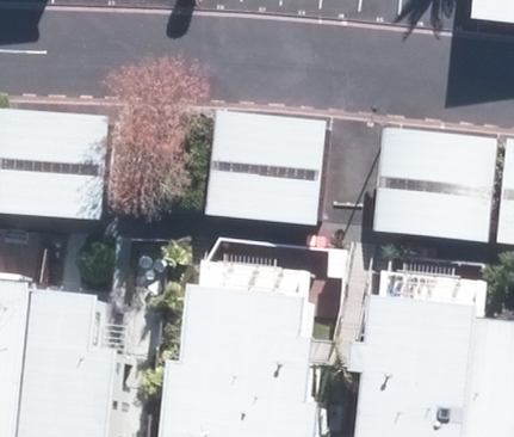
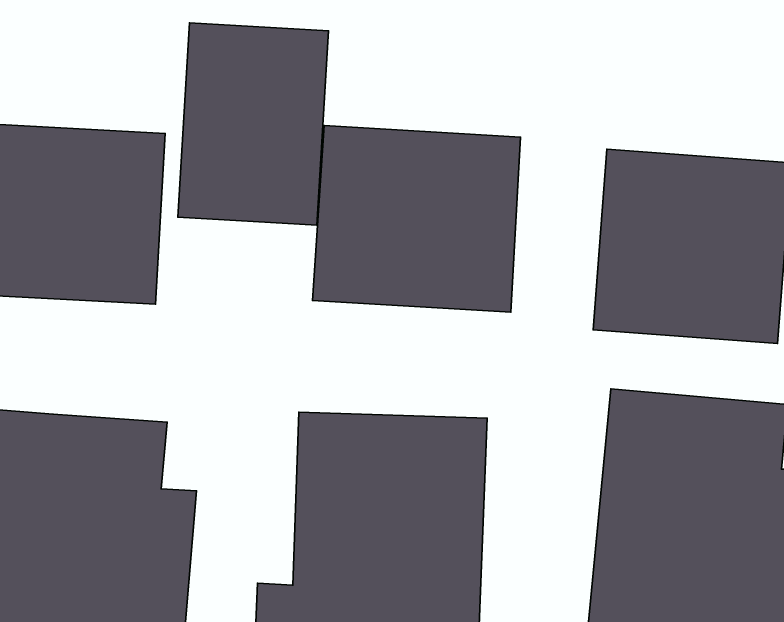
building: none -> [178,23,328,225]

